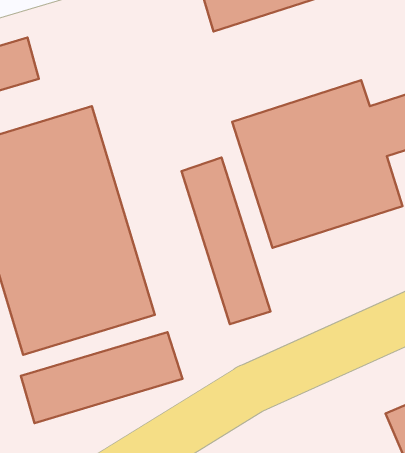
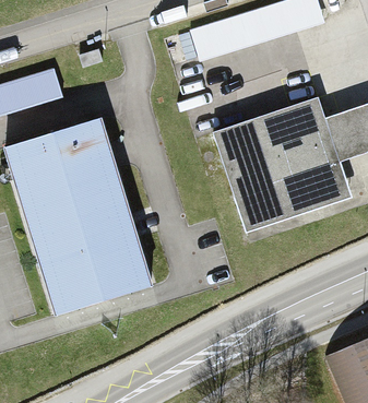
building: [182,157,271,324] -> none
building: [21,332,182,423] -> none

